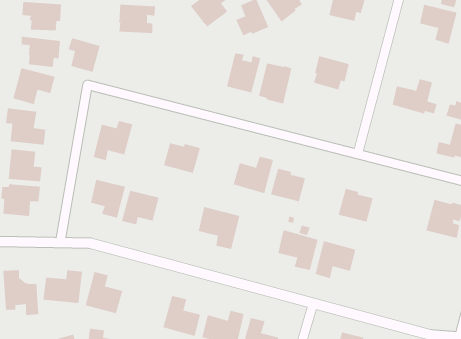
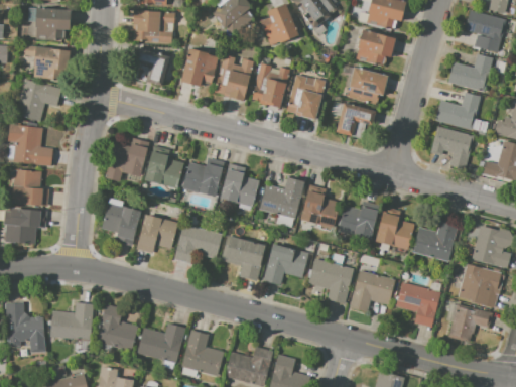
building: none -> [356,29,395,66]
building: [68,38,101,72] -> [133,47,169,86]
building: none -> [180,47,218,86]
building: none -> [447,53,492,92]
building: none -> [215,54,253,101]
building: none -> [336,103,376,138]
building: none -> [430,126,475,166]
building: none -> [144,151,183,188]
building: none -> [220,163,260,210]
building: none -> [337,205,379,241]
building: none -> [413,220,458,261]
building: none -> [174,224,223,263]
building: none -> [264,244,308,284]
building: none -> [458,263,505,307]
building: none -> [395,281,440,328]
building: none -> [448,304,492,342]
building: none -> [136,324,185,363]

